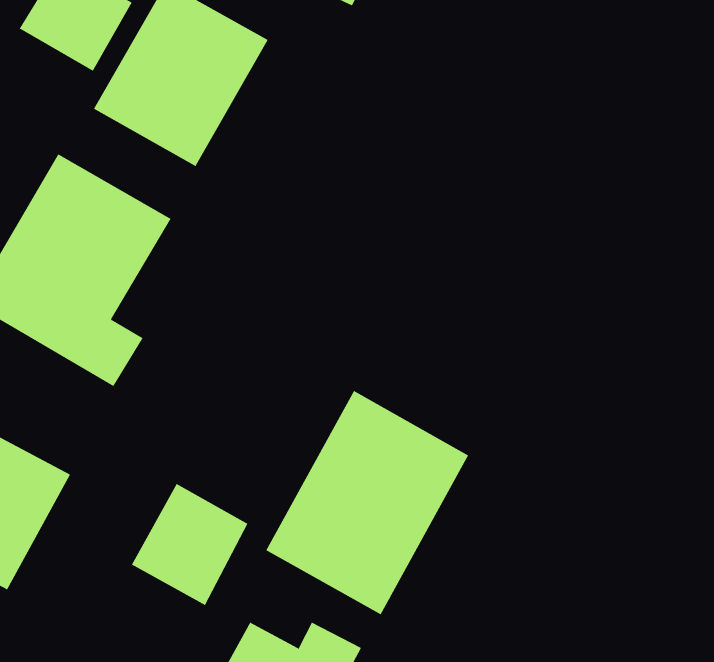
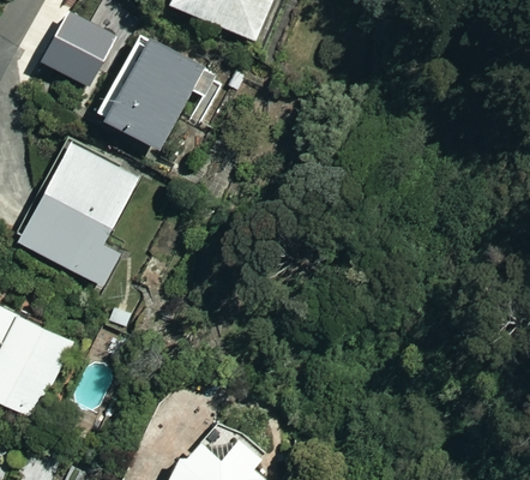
building: [266,390,469,615] -> none
building: [131,483,248,606] -> none

